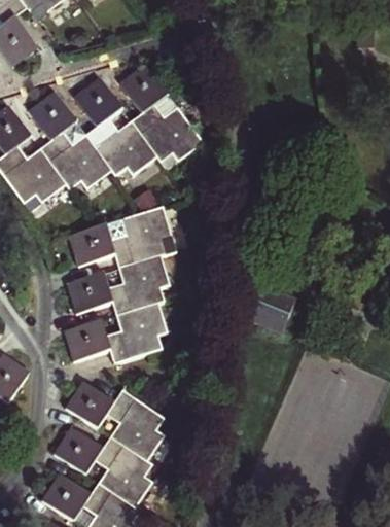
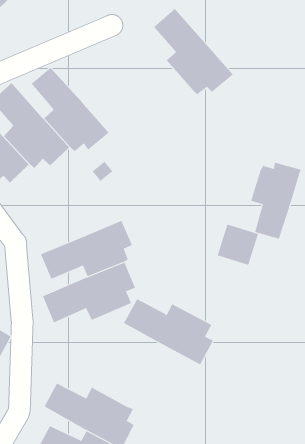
building: [119,64,203,162] -> [153,8,234,95]
building: [70,207,171,269] -> none
building: none -> [250,162,301,240]
building: [67,381,165,461] -> [123,298,214,365]

